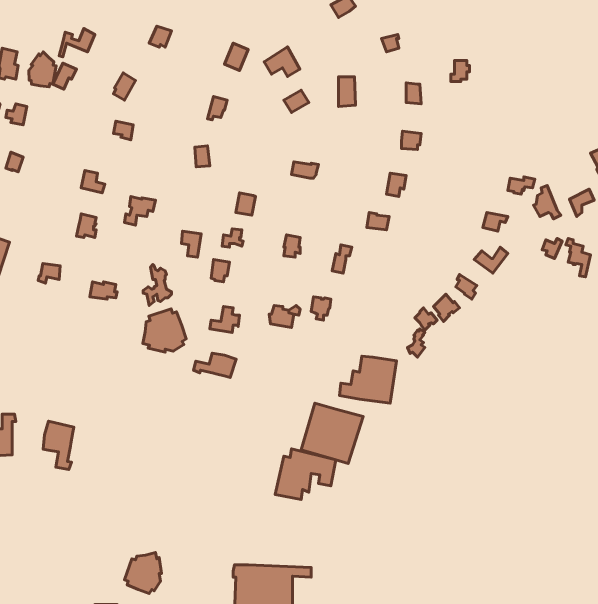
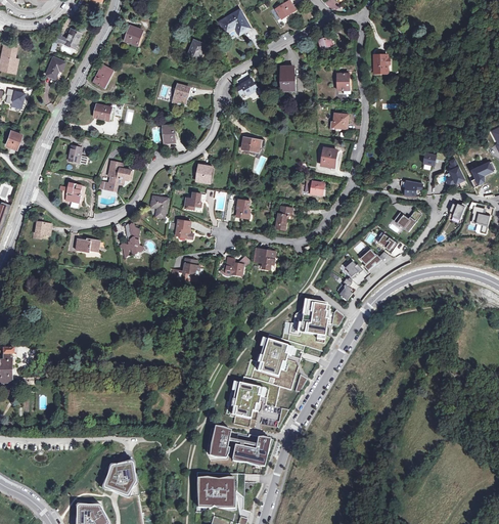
building: [264,47,300,77] -> [220,9,250,34]
building: [29,52,56,87] -> none
building: [143,309,186,352] -> none
building: [193,353,236,377] -> none
building: [43,421,74,470] -> none
building: none -> [206,427,272,465]

